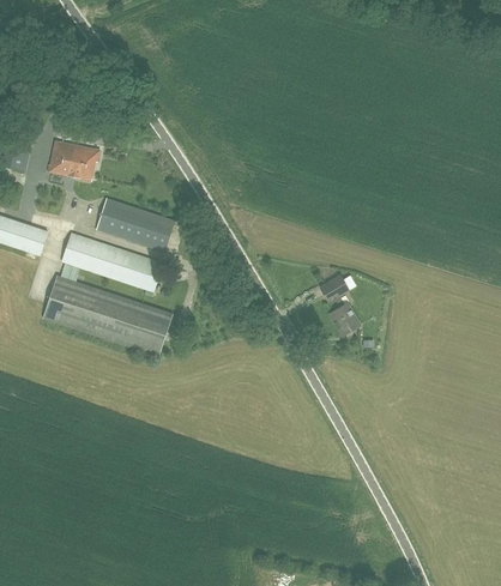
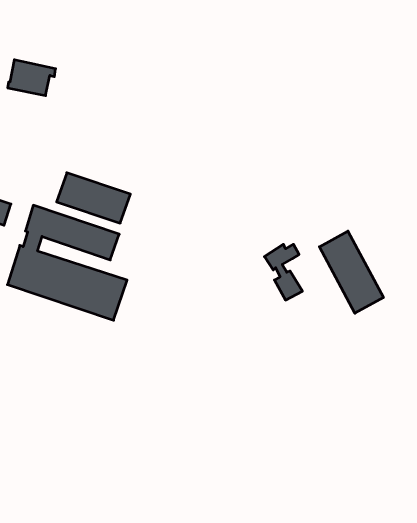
building: [48,140,99,179] -> [8,60,56,96]
building: none -> [319,231,383,313]

